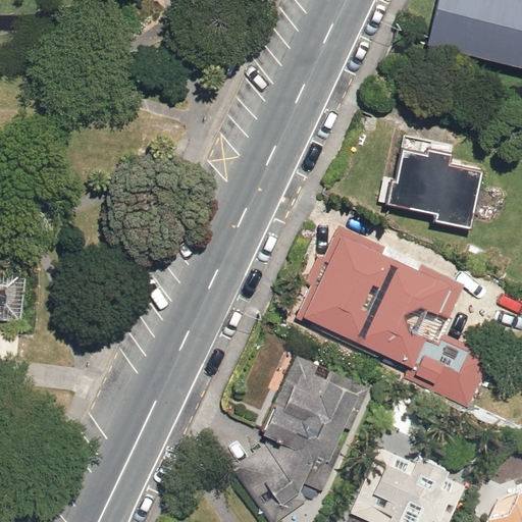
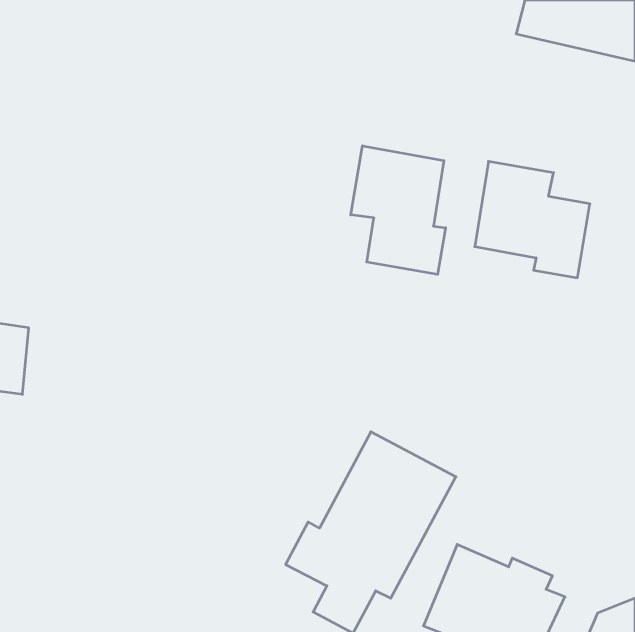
building: none -> [351,146,446,274]
building: [306,228,473,389] -> none

